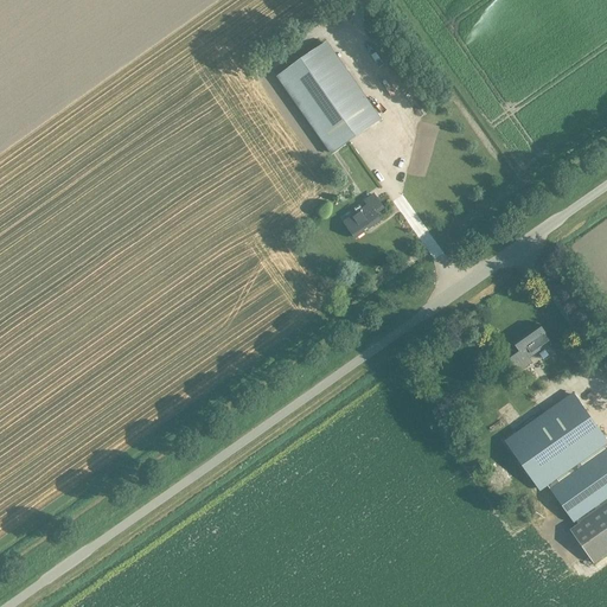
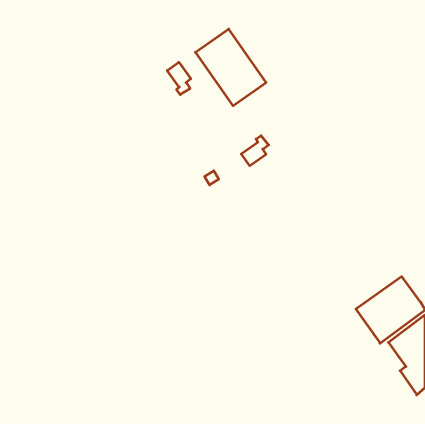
building: none -> [167,62,191,95]
building: [507,325,550,371] -> none

